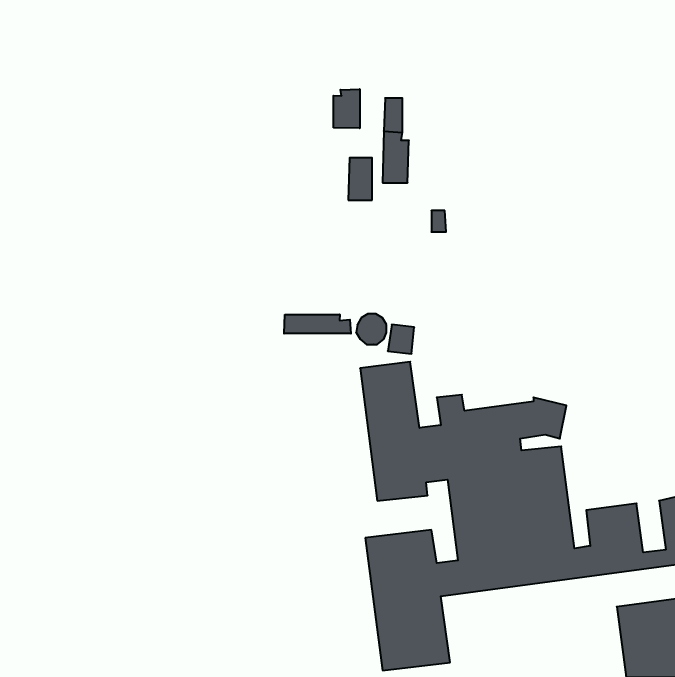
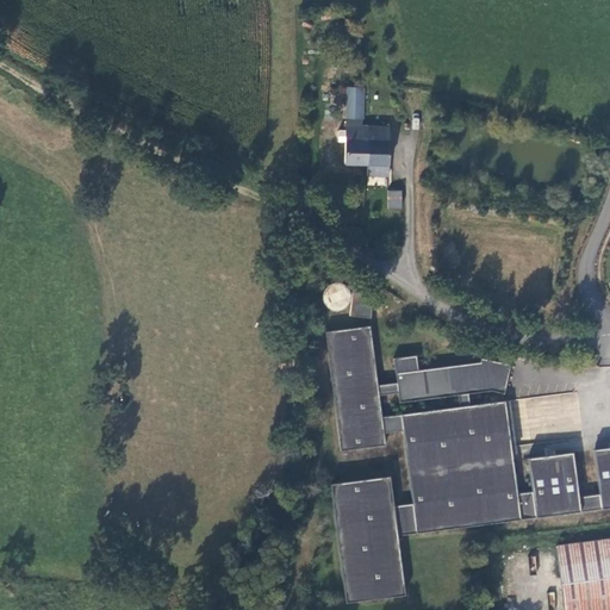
building: [333,89,360,128] -> none
building: [348,158,372,200] -> [368,126,390,164]
building: [284,314,351,334] -> none

